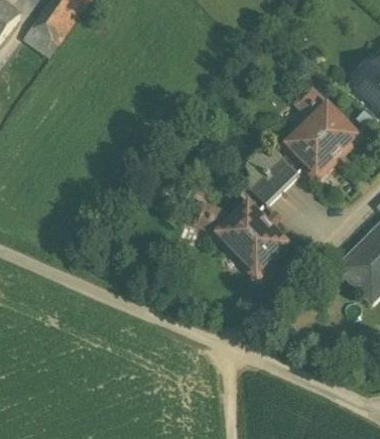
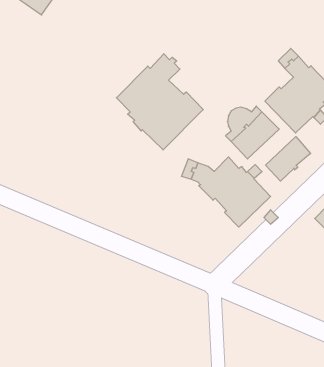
building: none -> [116,54,203,150]
building: none -> [266,137,311,181]

